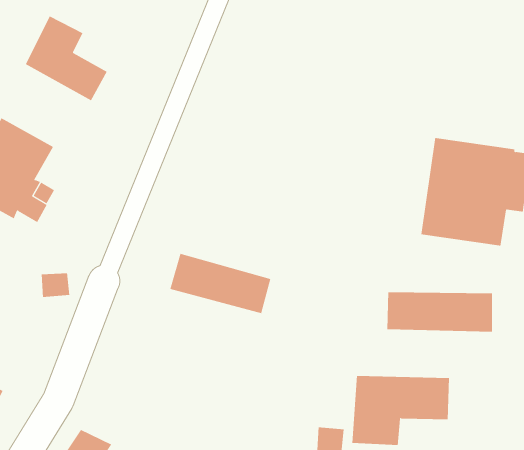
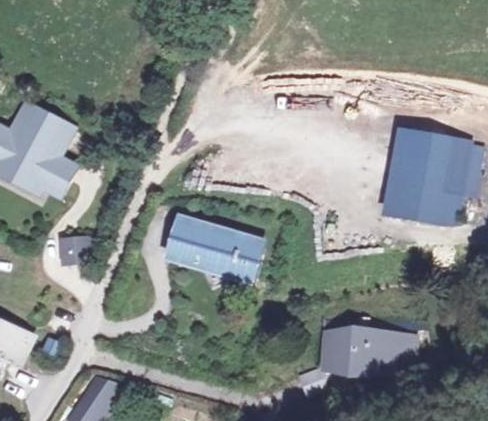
building: [25,15,108,101] -> none
building: [387,292,492,333] -> none

